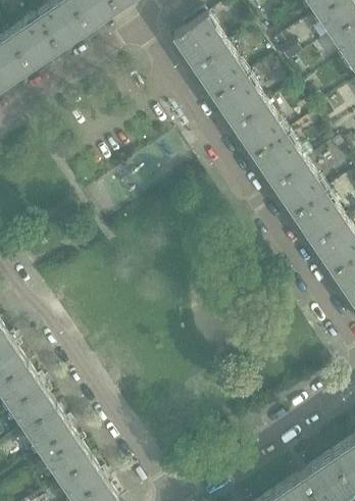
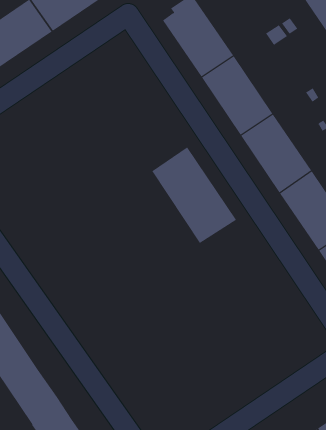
building: none -> [151,146,237,244]

